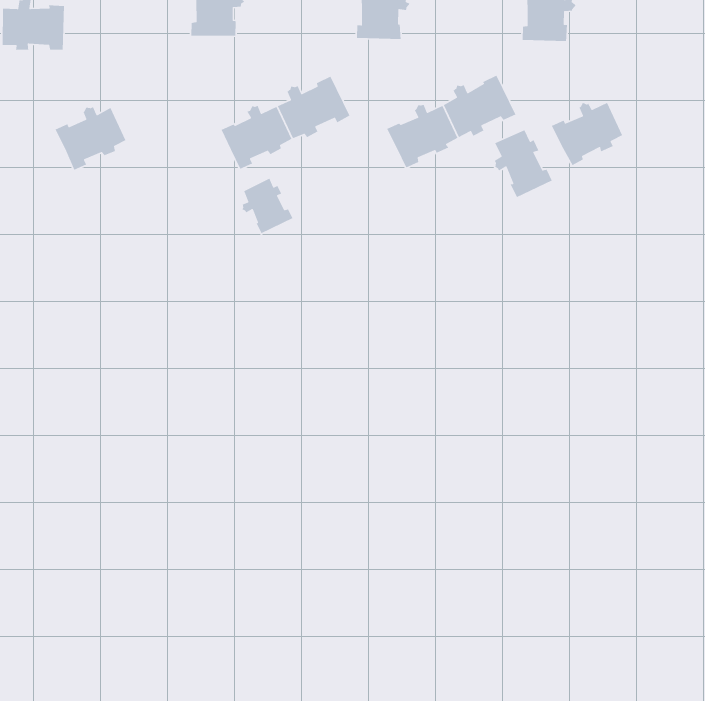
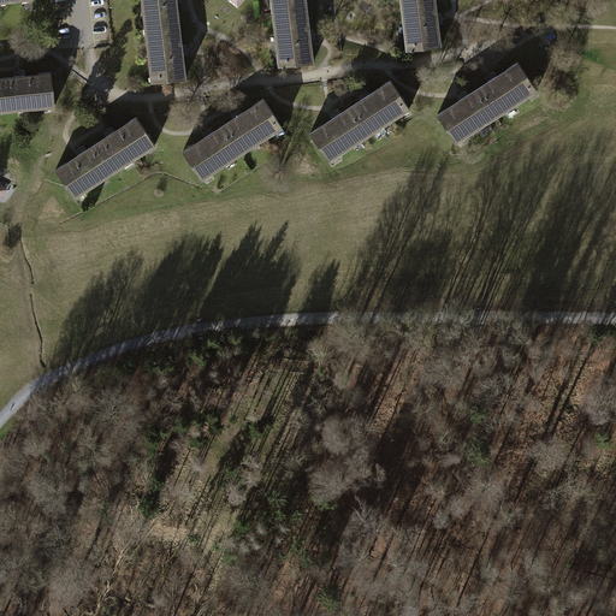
building: none -> [478,61,535,114]
building: none -> [96,118,154,170]
building: [494,129,553,198] -> none
building: [241,178,294,234] -> none

